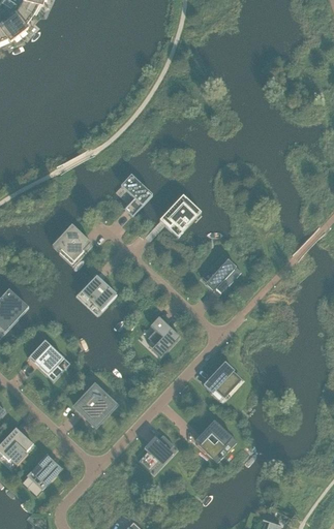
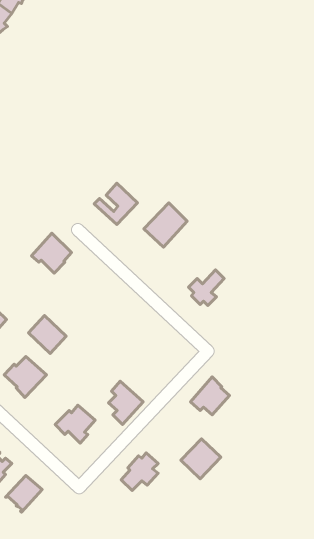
building: [79,274,115,310] -> [28,316,66,353]
building: [146,316,179,357] -> [108,381,143,425]

